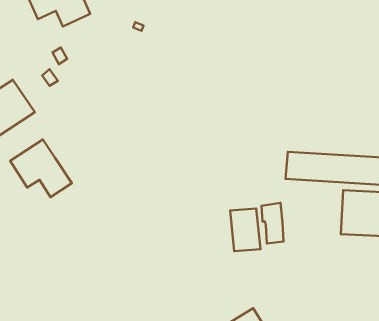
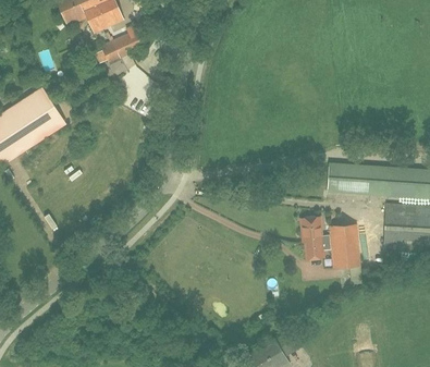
building: none -> [100,28,144,65]
building: [10,140,72,197] -> none
building: [230,208,260,251] -> [329,222,360,267]

